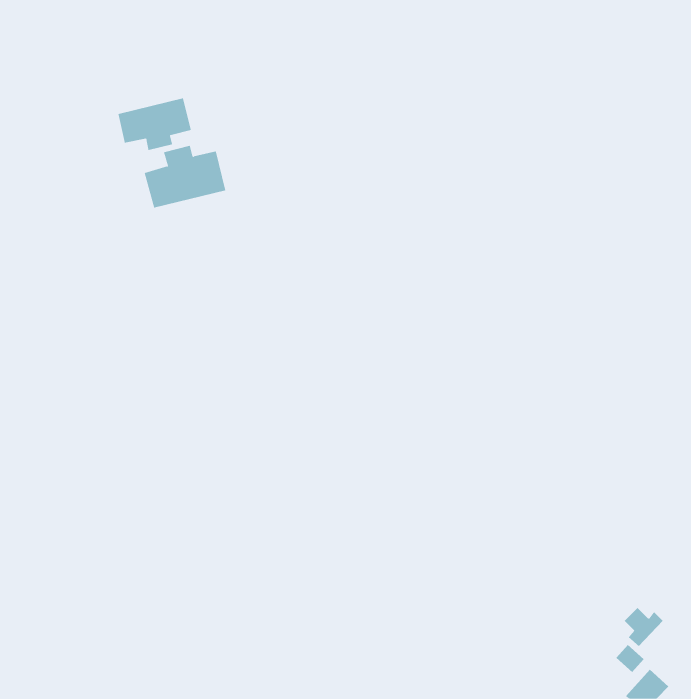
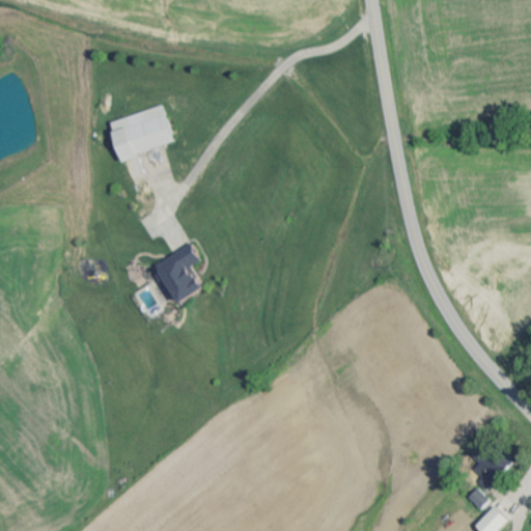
building: [118,97,192,151] -> none
building: none -> [153,245,201,303]

